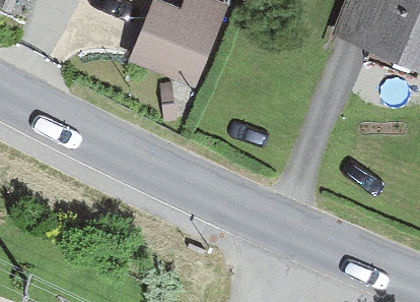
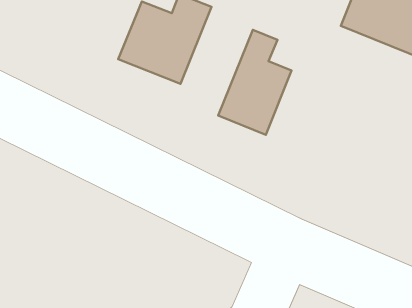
building: none -> [218,30,291,135]

